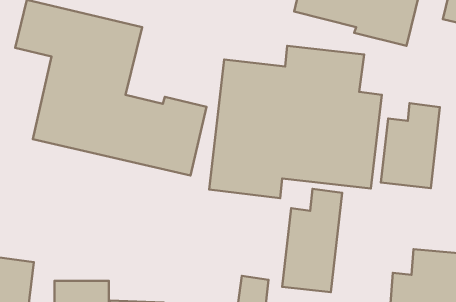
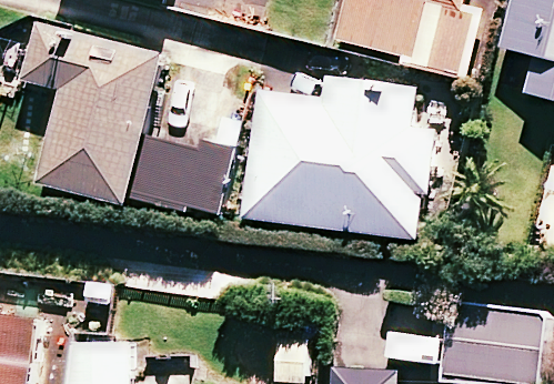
building: [381,103,440,188] -> none
building: [282,189,342,292] -> none

